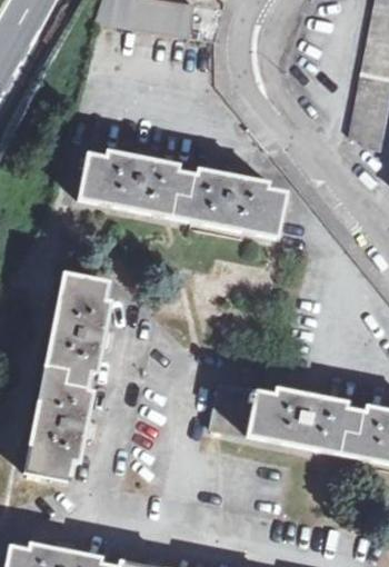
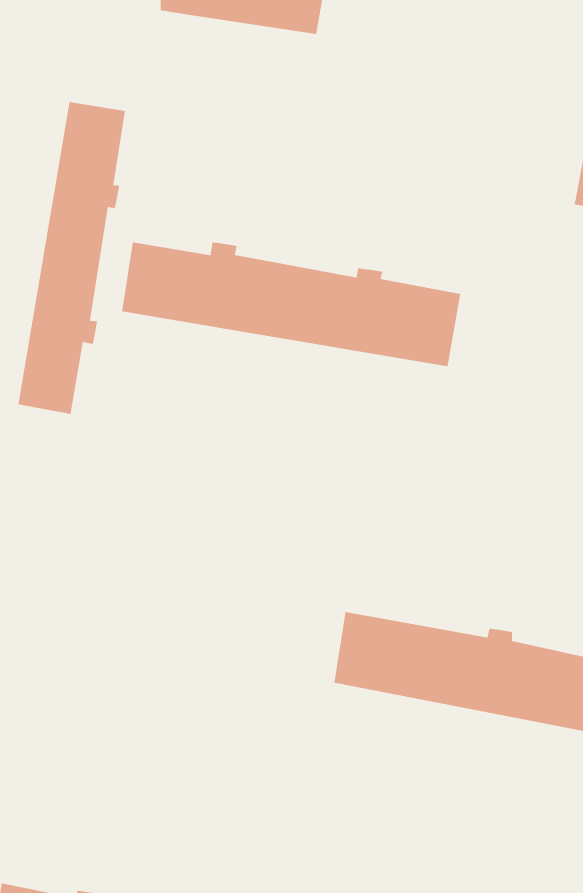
building: none -> [17,101,126,415]
building: [22,277,103,477] -> none

